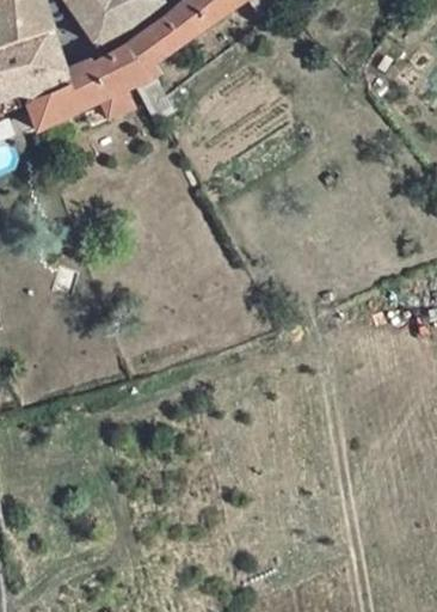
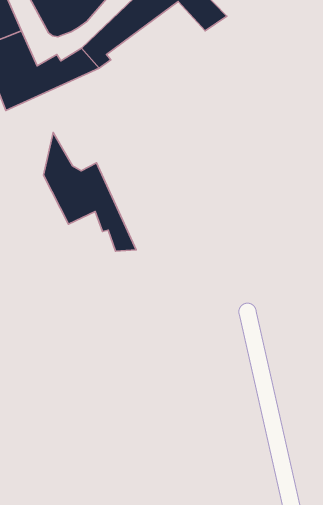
building: none -> [44,132,136,251]

